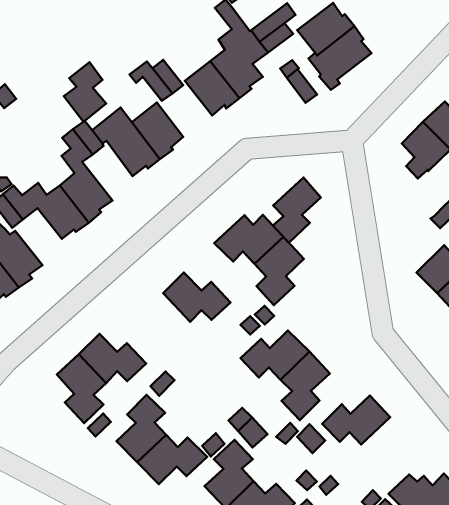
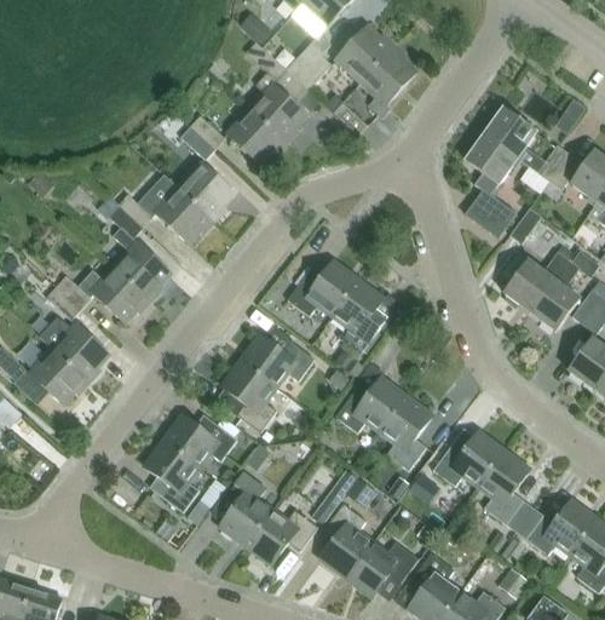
building: [64,62,106,122] -> none
building: none -> [465,189,517,239]
building: [273,177,321,243] -> none
building: none -> [223,361,277,431]
building: none -> [478,450,534,532]

